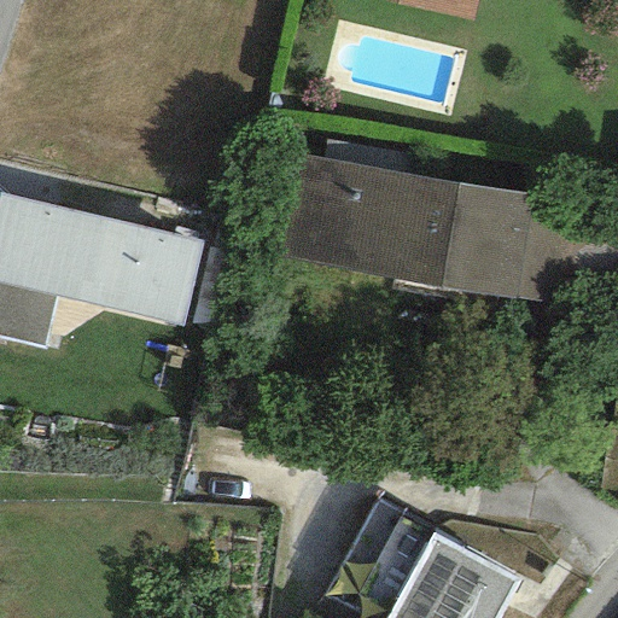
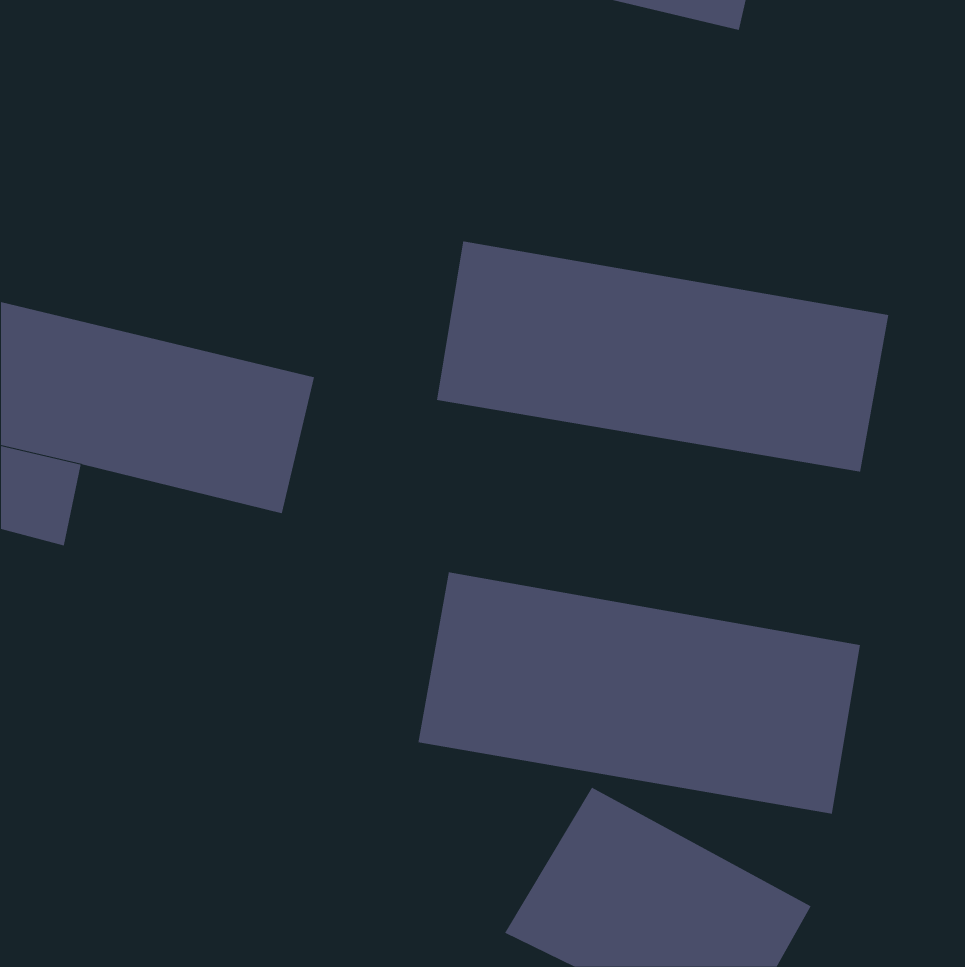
building: none -> [418,571,860,815]

